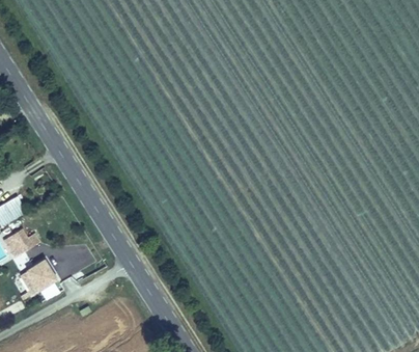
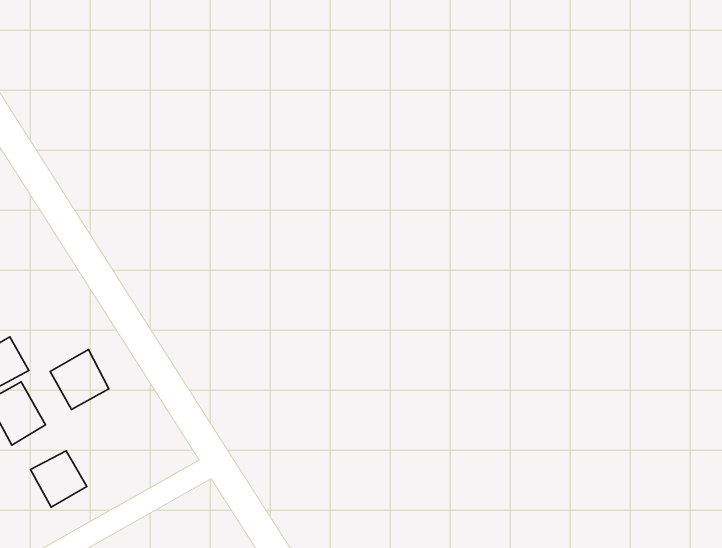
building: none -> [50,349,109,409]

